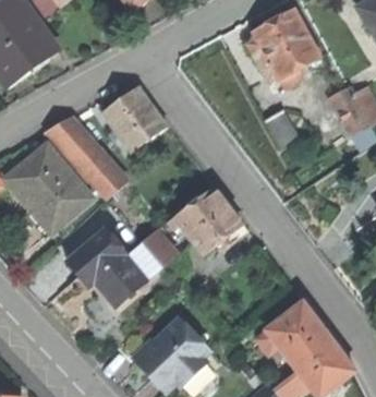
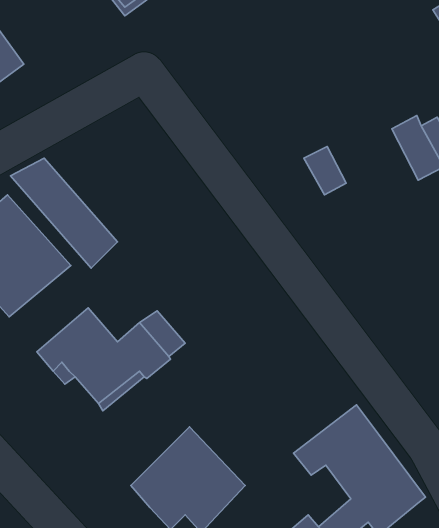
building: [247,10,319,88] -> none
building: [105,87,168,151] -> none
building: [168,188,241,255] -> none

